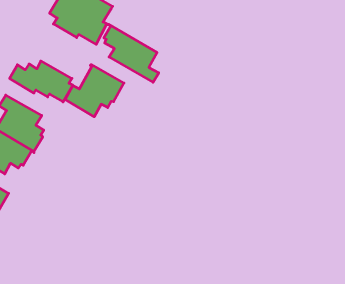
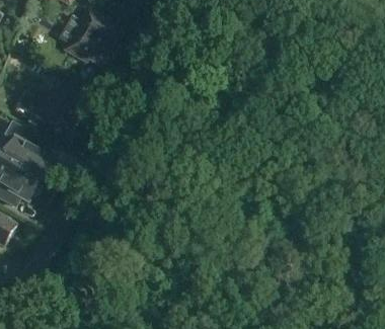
building: [104,24,159,82] -> none
building: [65,65,124,117] -> none

